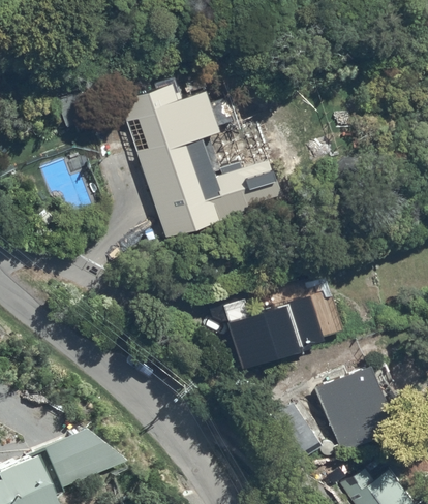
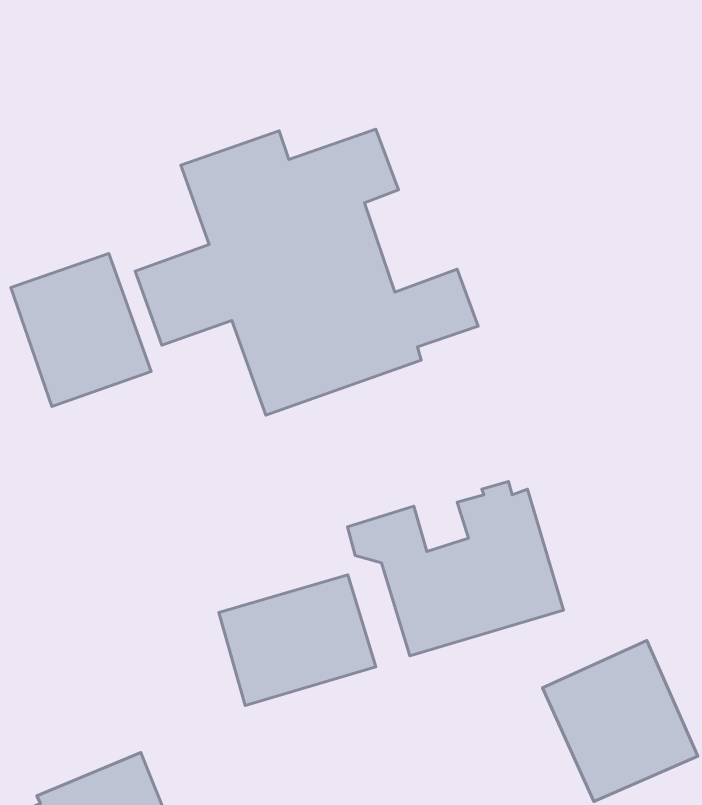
building: none -> [11,254,151,406]
building: none -> [219,575,376,706]

